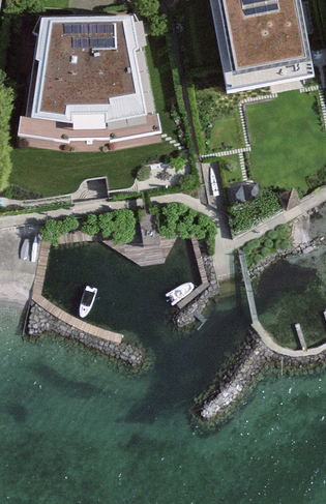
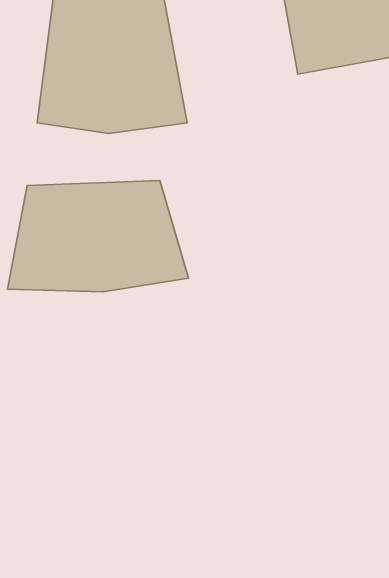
building: none -> [7,181,189,292]

